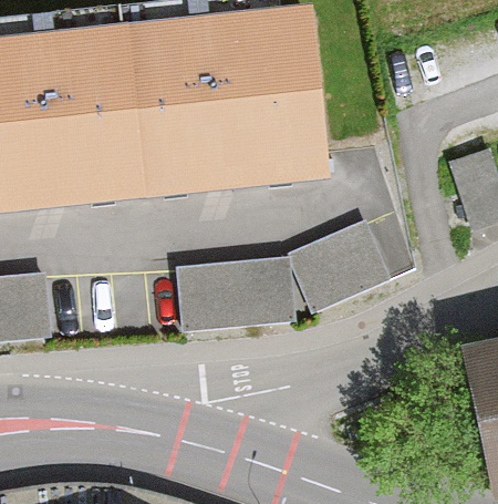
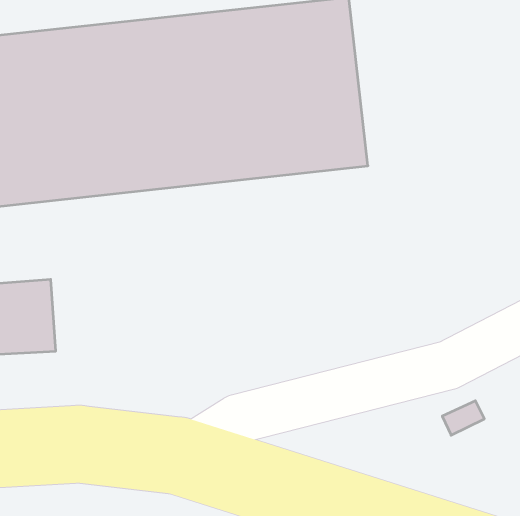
building: [173,212,412,313] -> none

